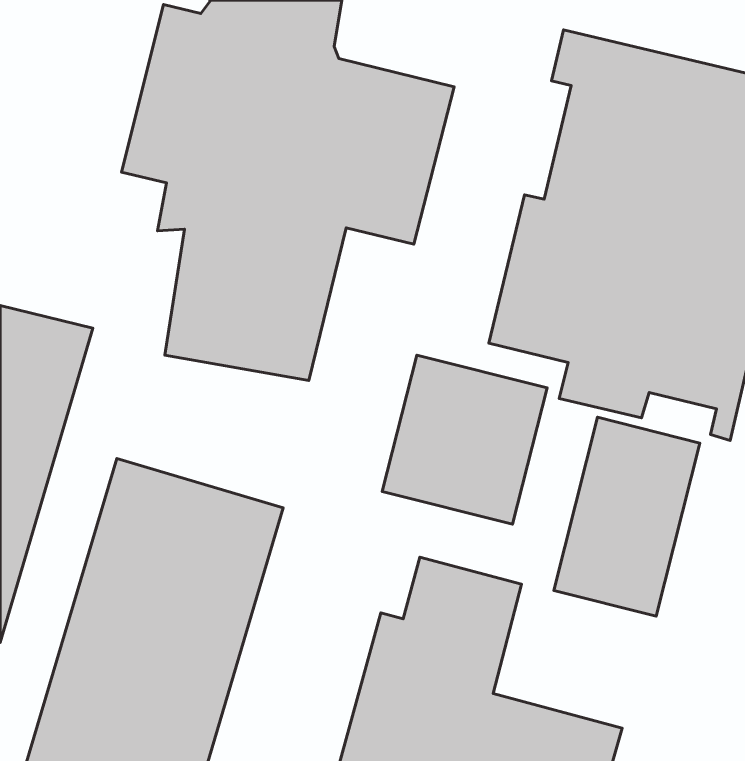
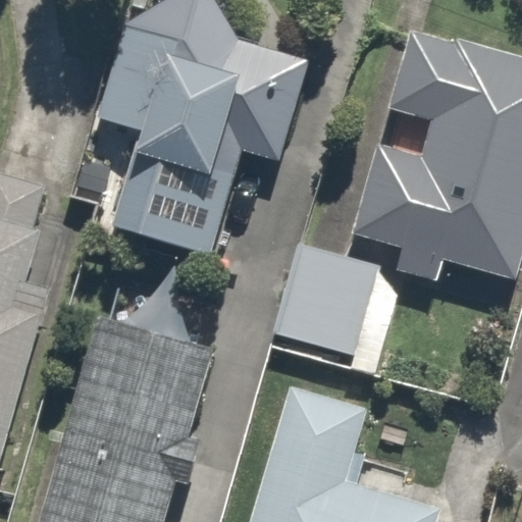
building: [554,417,700,616] -> none

